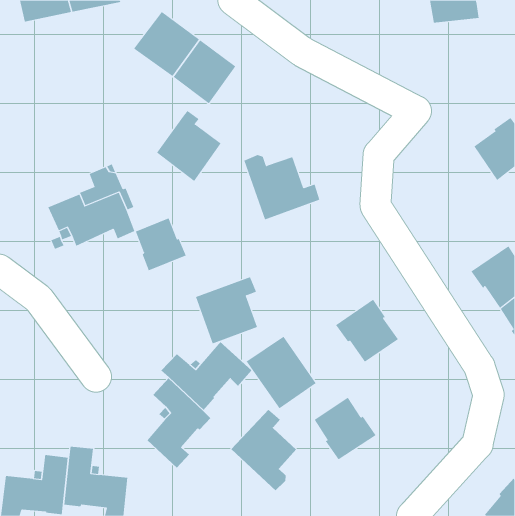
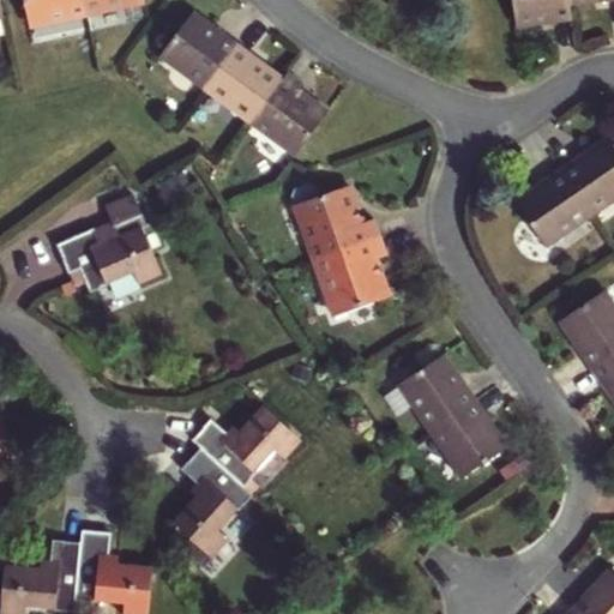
building: [156,110,222,182] -> [248,73,326,158]
building: none -> [514,174,590,248]
building: [135,217,186,271] -> none
building: [195,277,258,344] -> [314,237,389,318]
building: [246,336,316,409] -> none
building: [314,397,376,460] -> [433,403,507,478]
building: [230,409,297,491] -> none

